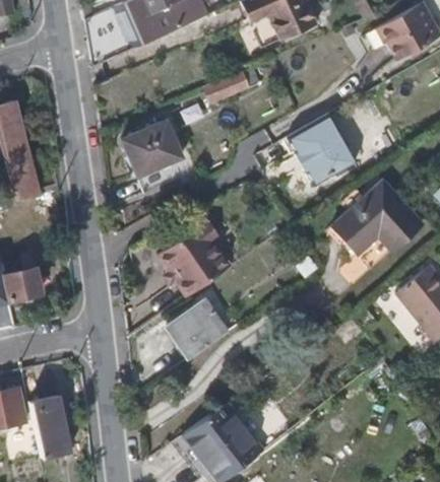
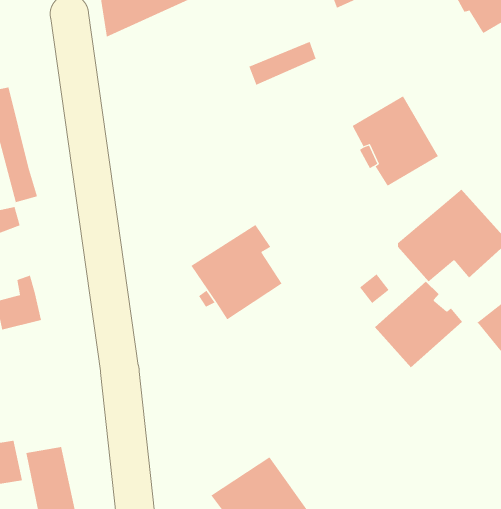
building: [129,123,196,192] -> none
building: none -> [374,281,463,368]
building: [168,299,225,355] -> none

